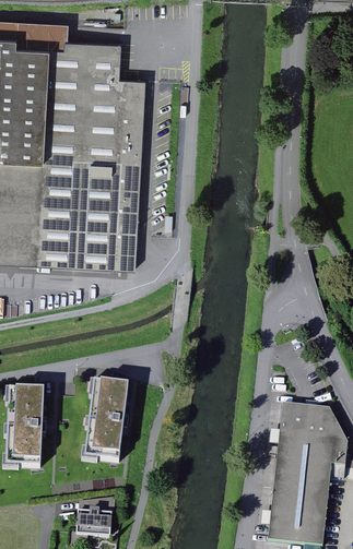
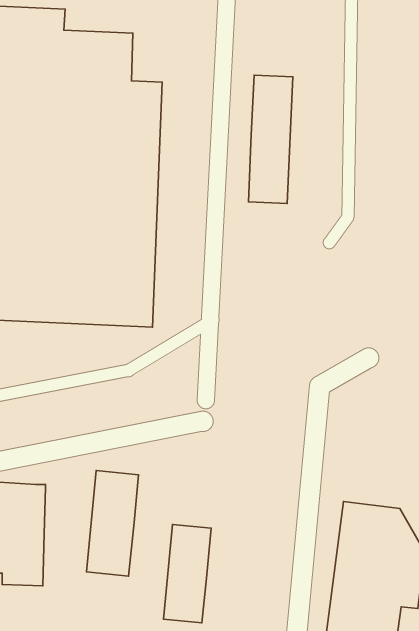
building: none -> [249,75,293,203]
building: none -> [163,524,211,623]

